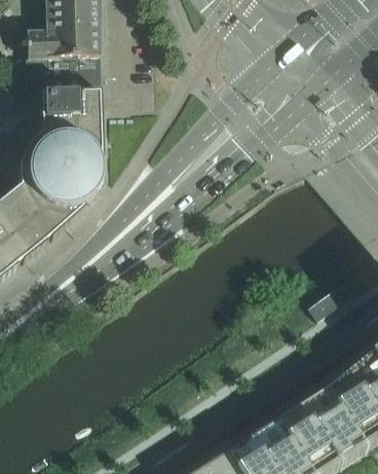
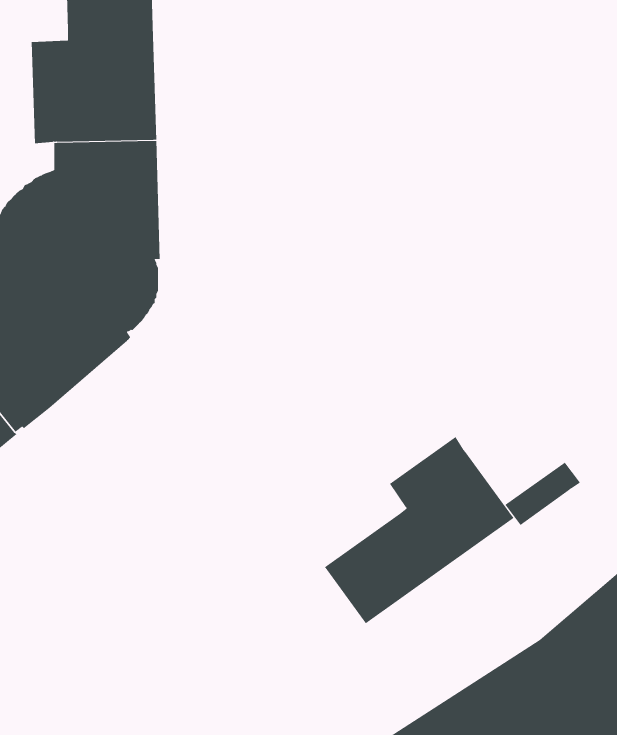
building: none -> [324,436,514,624]

